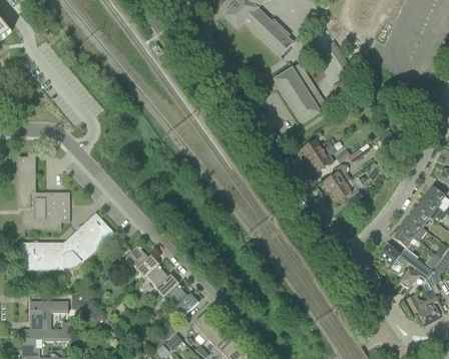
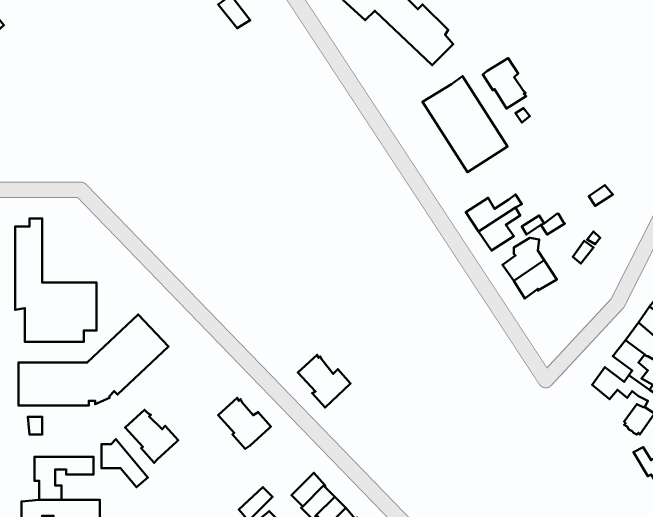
building: none -> [483,58,526,108]
building: [125,244,158,277] -> [125,410,178,463]
building: [165,283,198,316] -> [298,355,351,408]

